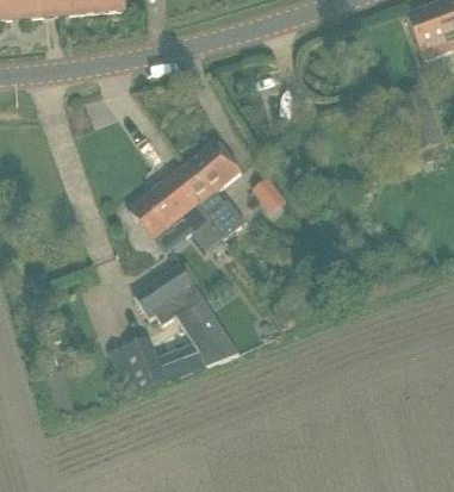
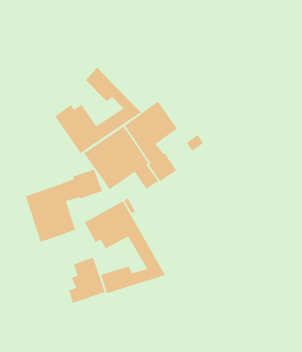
building: none -> [54,67,142,154]
building: none -> [25,169,103,243]

